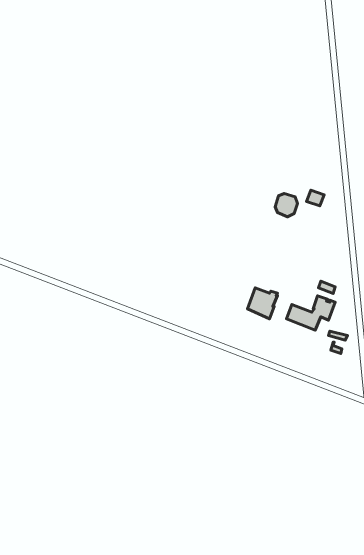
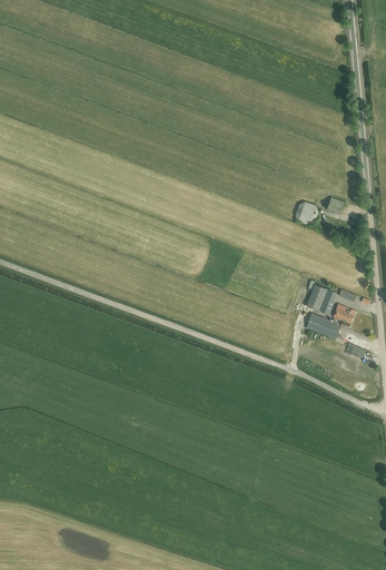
building: [247,288,277,319] -> [306,284,336,315]

